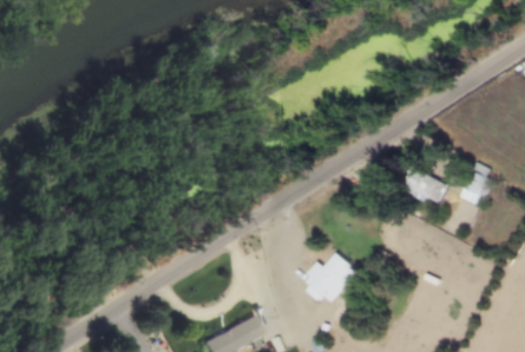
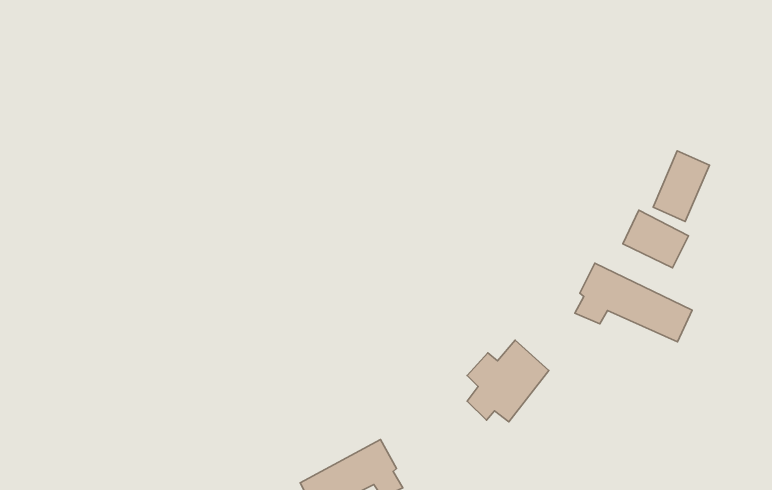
building: [461,161,497,206] -> [653,151,709,221]
building: none -> [575,263,692,342]

